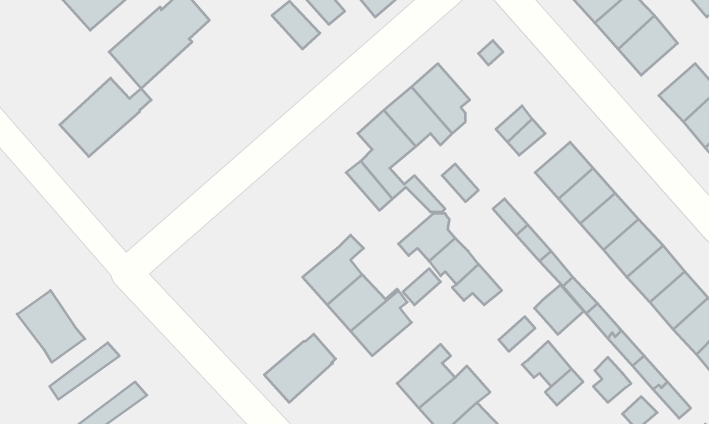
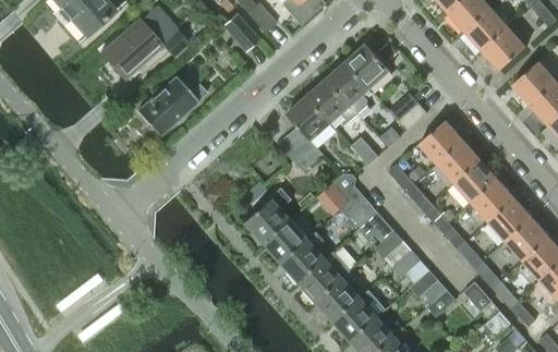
building: none -> [347,45,390,89]
building: [60,78,151,157] -> [137,77,206,136]
building: [534,285,584,334] -> [375,232,412,269]
building: [17,290,85,362] -> none
building: [264,334,336,402] -> [298,251,351,302]

